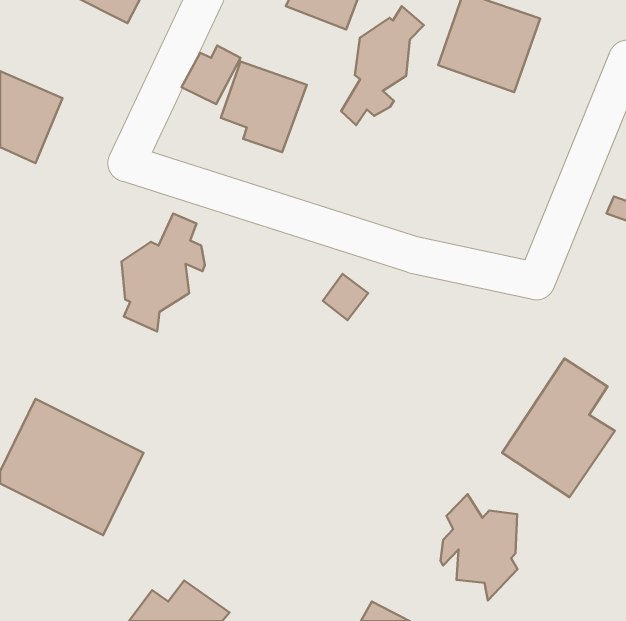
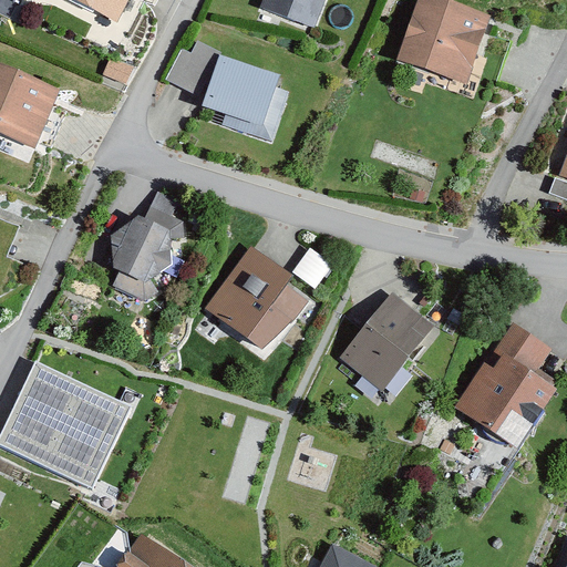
building: [341,6,424,125] -> none
building: none -> [204,246,307,349]
building: none -> [338,292,432,390]
building: [441,494,517,601] -> none

